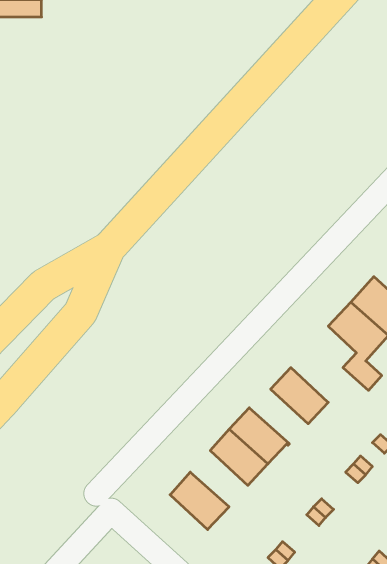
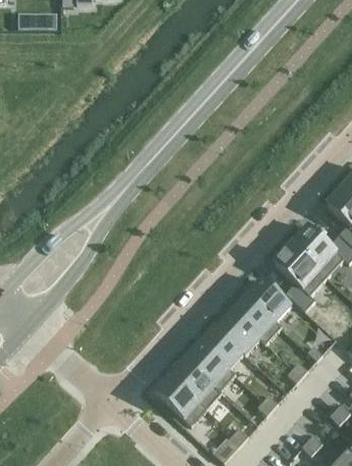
building: none -> [245,277,289,321]
building: none -> [213,311,258,353]
building: none -> [168,358,212,401]

